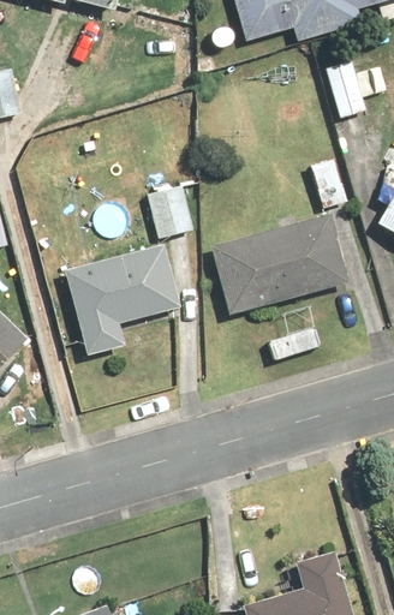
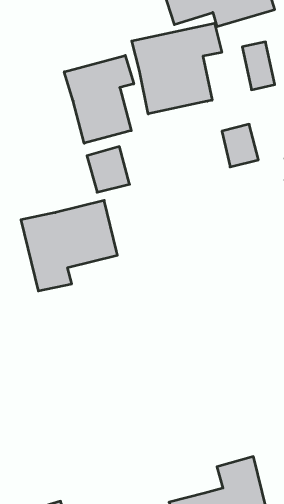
building: none -> [132,23,222,114]
building: none -> [64,55,134,143]
building: [211,216,348,317] -> none

